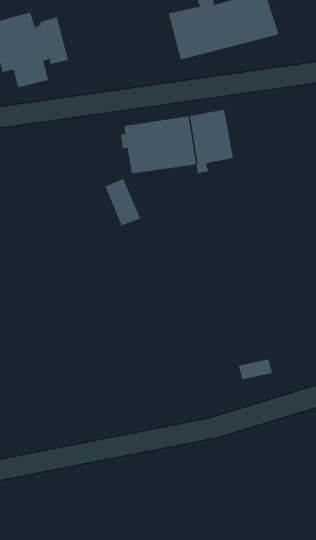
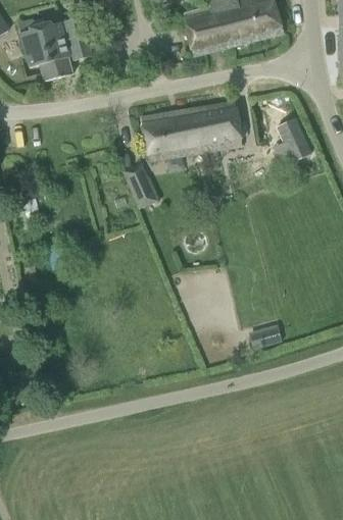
building: none -> [277,117,311,161]

